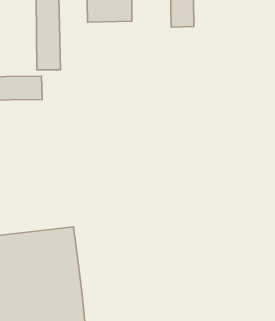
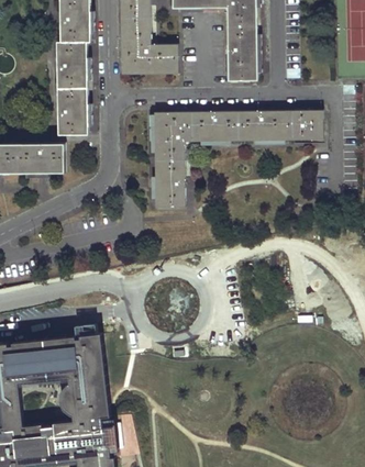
building: none -> [153,111,321,208]

